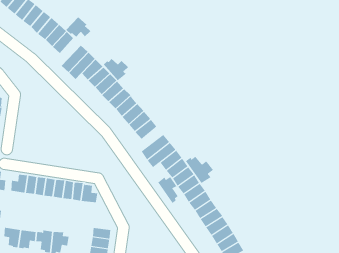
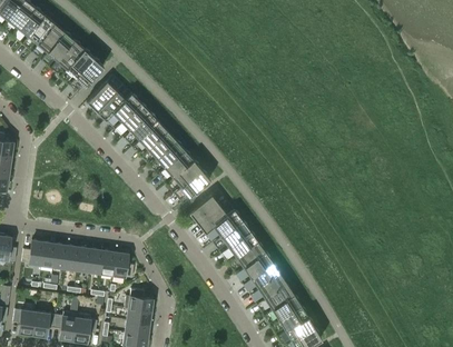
building: [66,17,91,37] -> none
building: [103,58,129,81] -> none
building: [185,156,214,184] -> none
building: [157,176,178,204] -> none
building: none -> [125,289,152,313]

